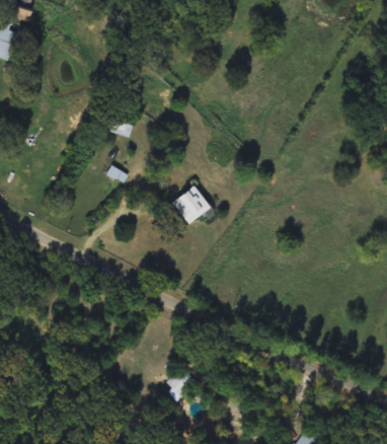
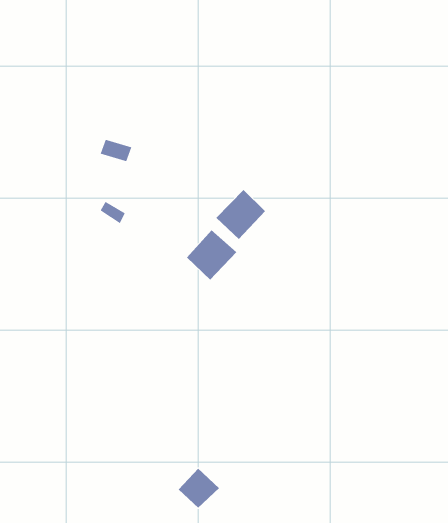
building: none -> [215,189,266,240]

